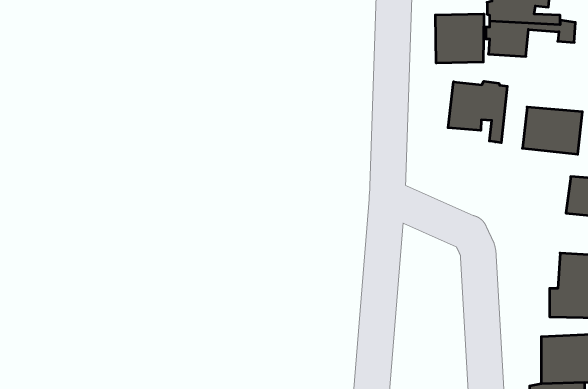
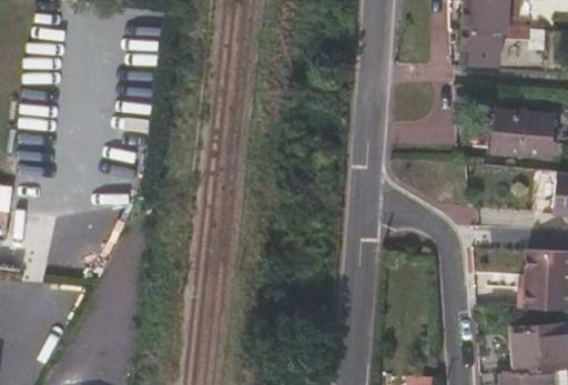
building: [435,14,484,63] -> none
building: [448,81,507,143] -> none

